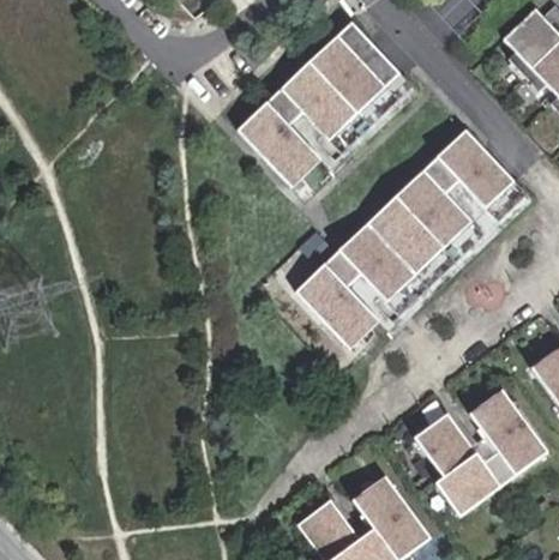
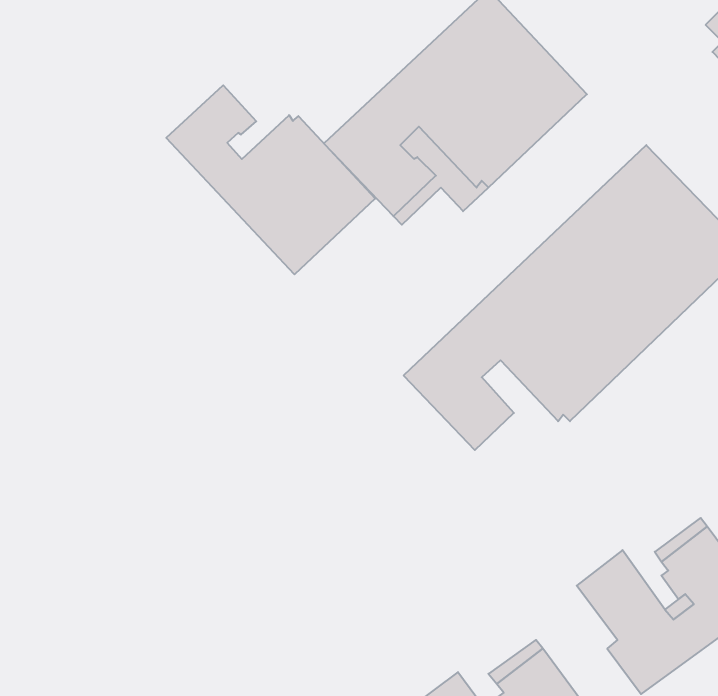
building: none -> [166,85,375,274]
building: [342,278,409,348] -> none

